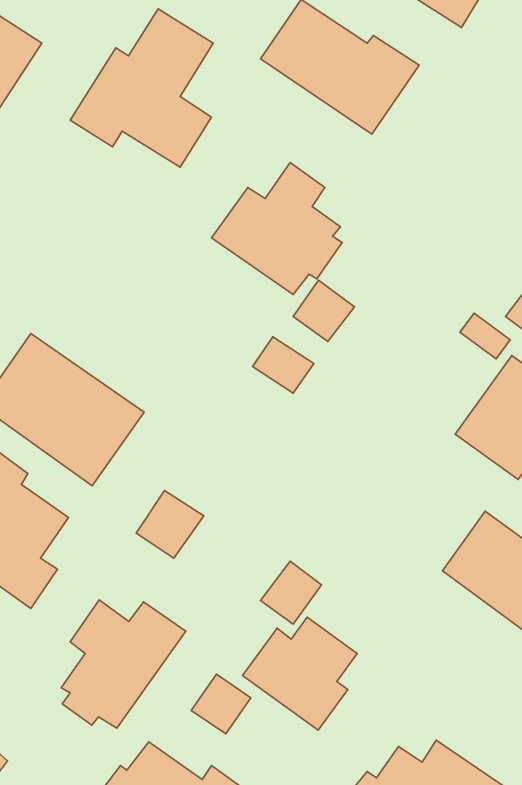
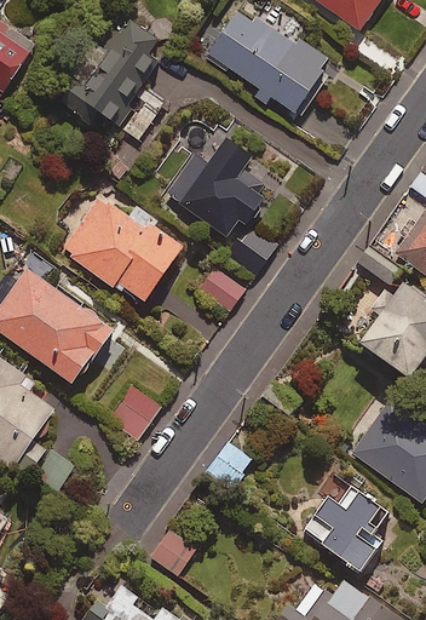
building: none -> [63,195,188,300]
building: [61,600,186,728] -> none
building: [243,617,357,730] -> [299,487,387,574]

